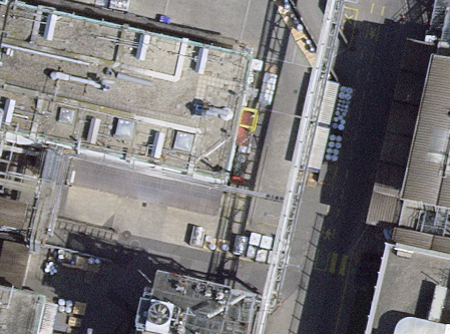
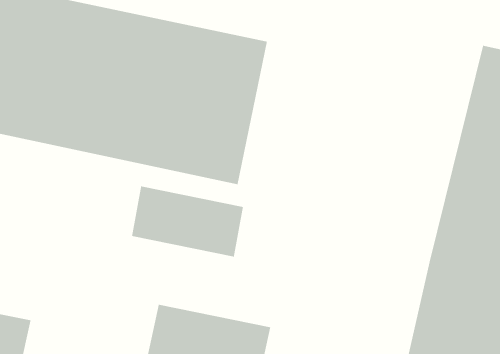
building: none -> [131,186,244,257]

